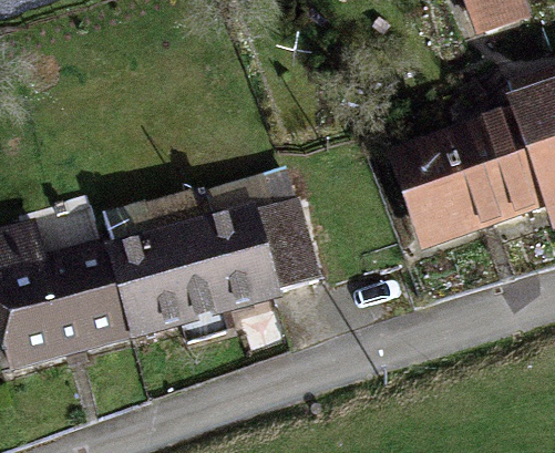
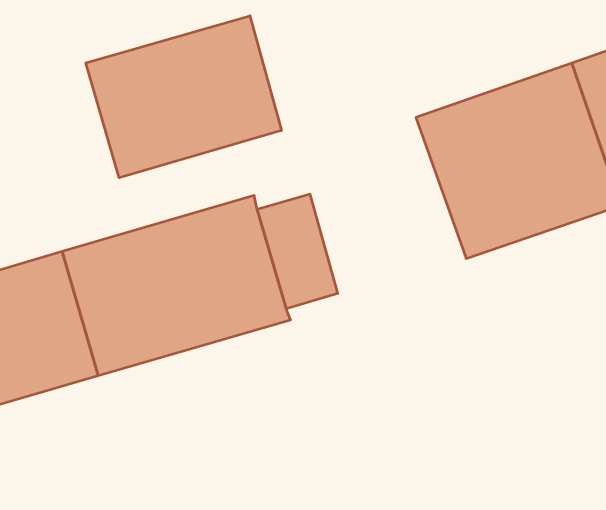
building: none -> [86,16,281,178]

